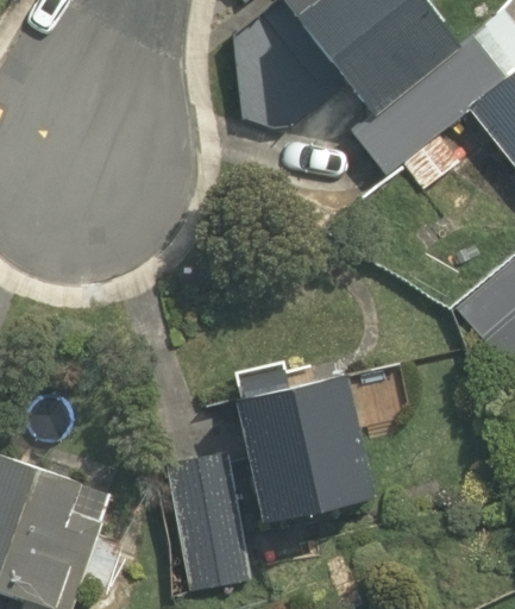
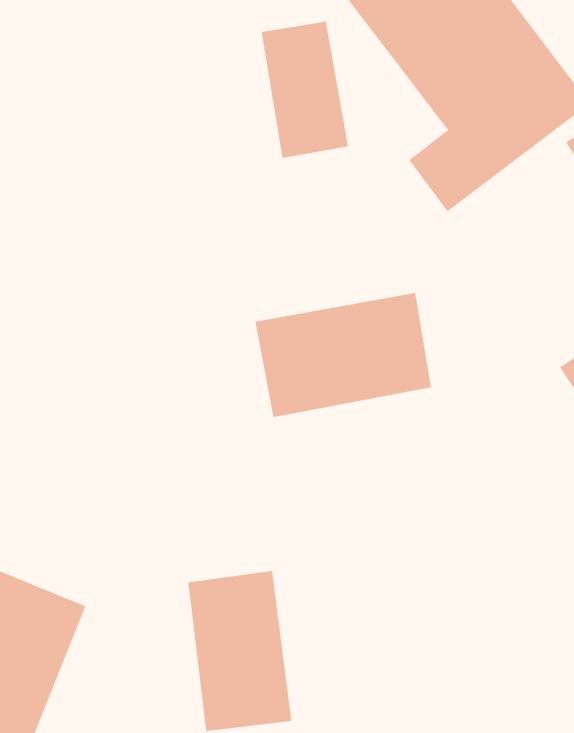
building: none -> [255,292,432,418]
building: [239,373,383,503] -> none

